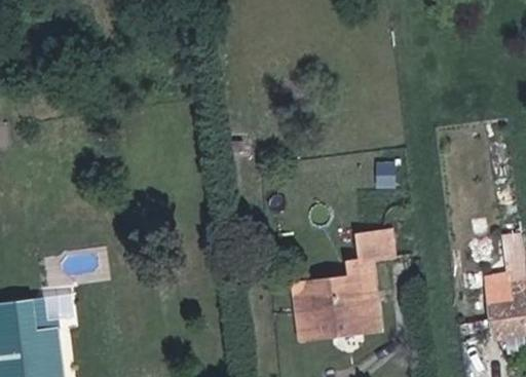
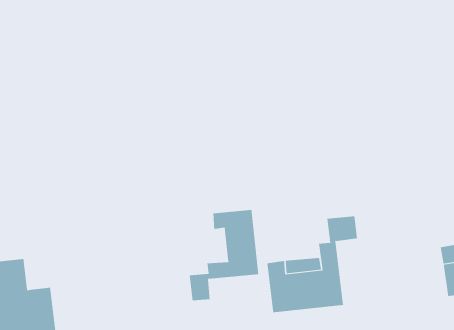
building: none -> [189,209,259,301]

